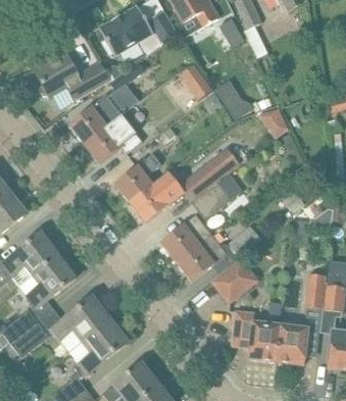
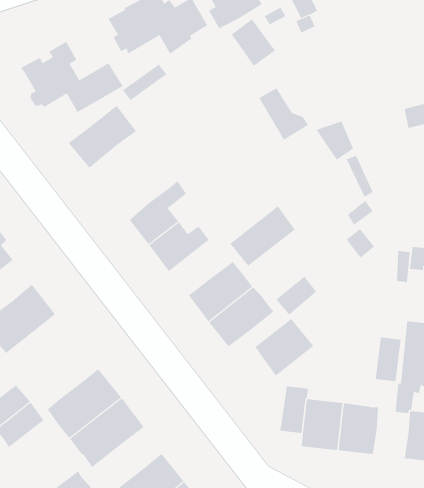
building: [178,64,212,101] -> [231,19,276,66]
building: [84,114,141,163] -> none
building: [182,149,239,198] -> none
building: [19,255,76,307] -> none

